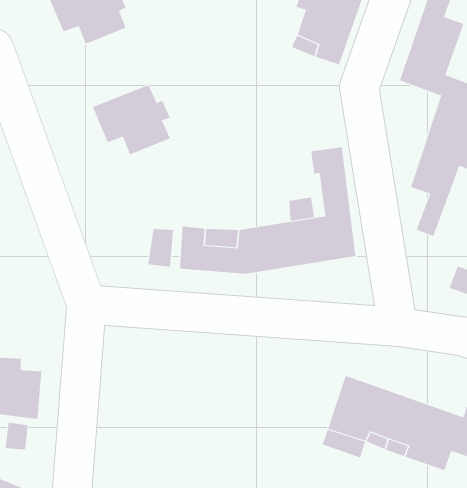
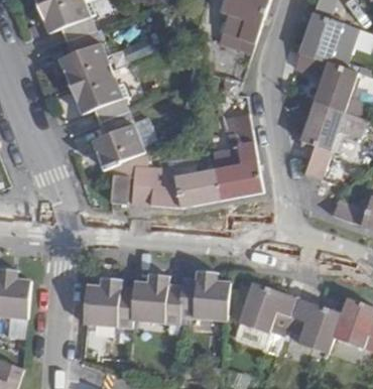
building: none -> [56,29,110,87]
building: none -> [91,110,143,168]
building: none -> [84,270,230,325]

